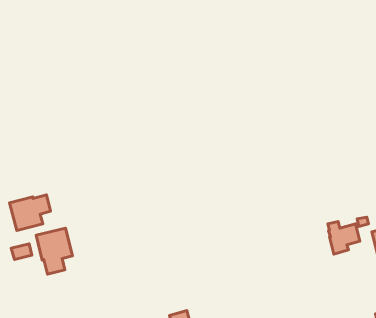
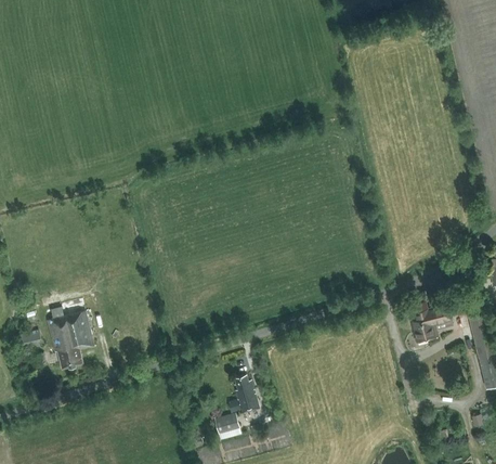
building: [9,195,51,230] -> none
building: none -> [235,375,260,413]

